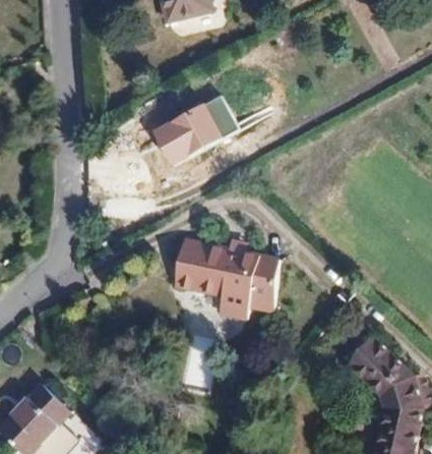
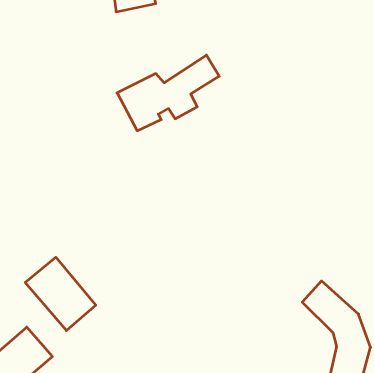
building: [177,238,277,319] -> none
building: none -> [25,257,96,331]

